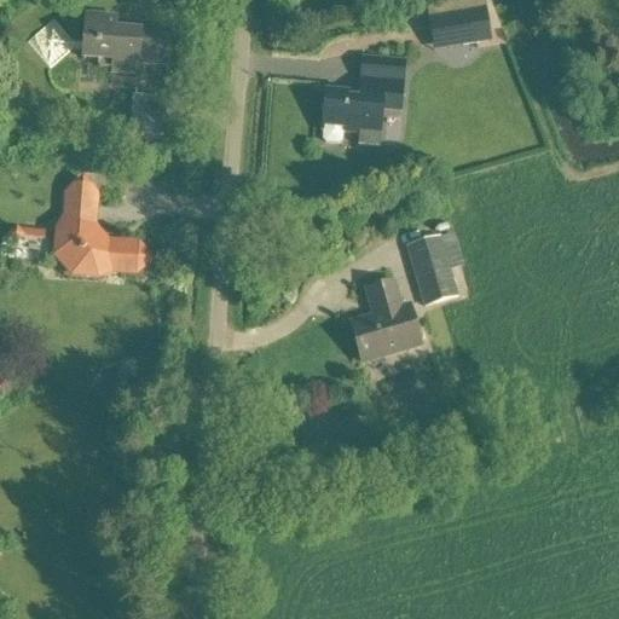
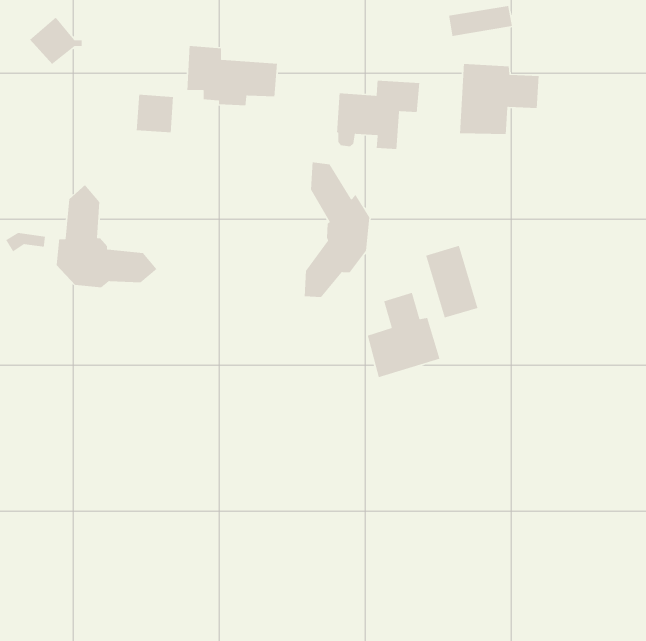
building: [83,8,170,66] -> [186,45,278,106]
building: none -> [459,63,540,135]
building: none -> [304,162,370,298]

